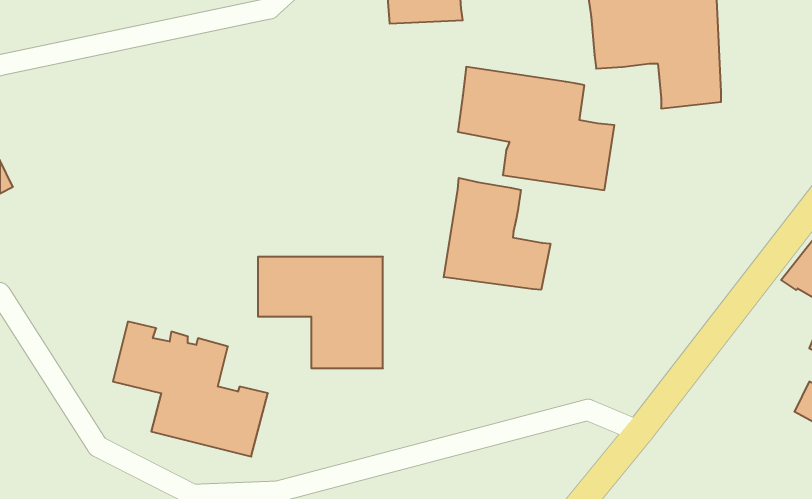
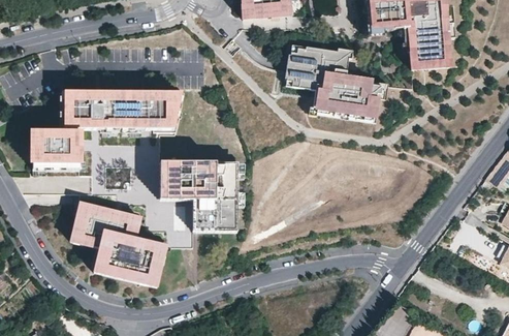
building: none -> [33,90,184,170]
building: [444,178,550,290] -> none

